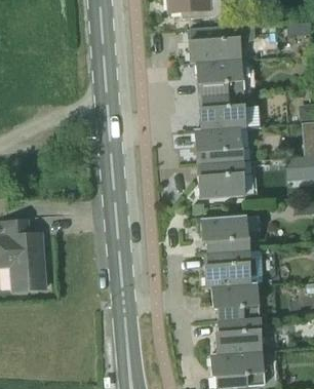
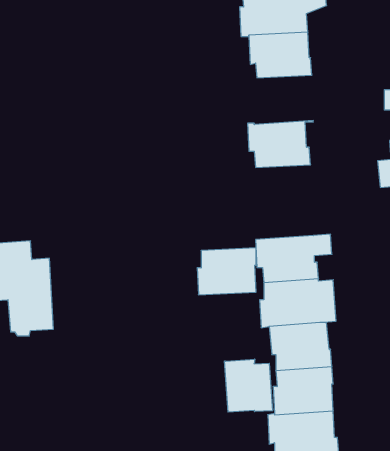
building: [198,93,244,131] -> none
building: [197,162,242,198] -> [197,248,256,295]
building: none -> [224,359,273,412]

